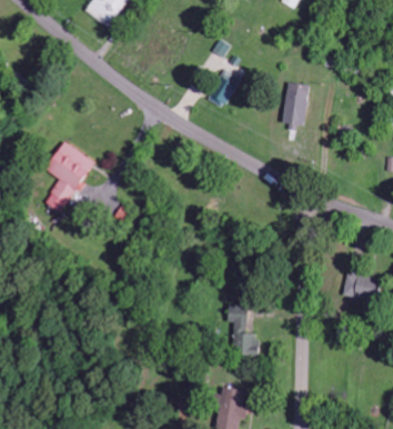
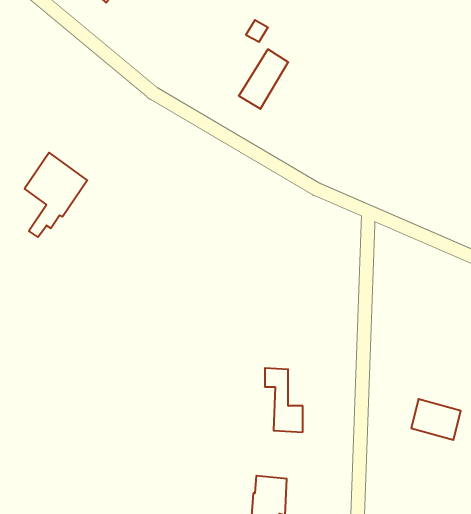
building: [282,82,309,124] -> none
building: [342,272,380,303] -> [411,399,461,440]

